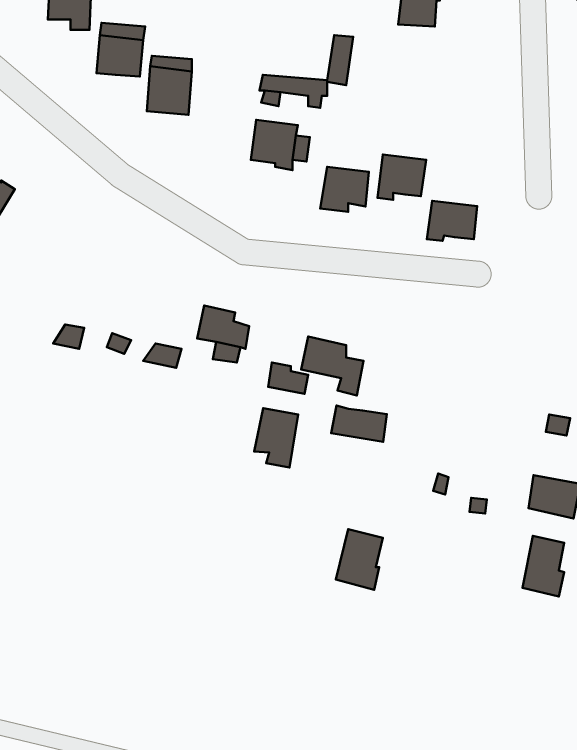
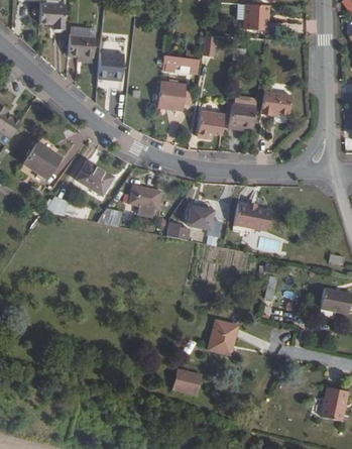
building: [427,201,477,241] -> [265,89,295,112]
building: none -> [22,141,57,177]
building: none -> [76,161,113,197]
building: [331,405,387,442] -> [237,203,269,224]
building: [254,408,298,468] -> none
building: [522,536,564,596] -> [320,384,344,420]
building: none -> [171,367,201,394]

